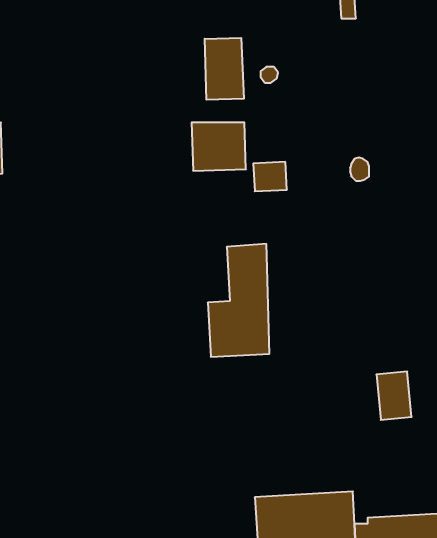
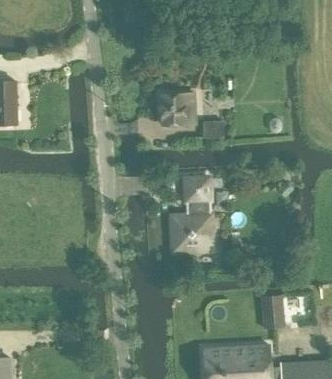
building: [205,38,244,100] -> none
building: [376,372,412,420] -> [261,294,285,327]

